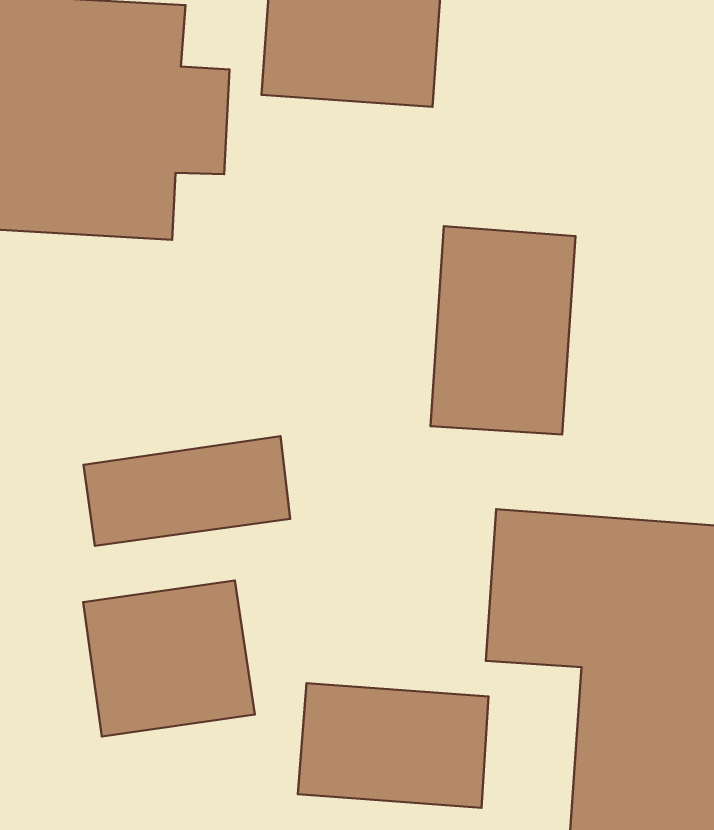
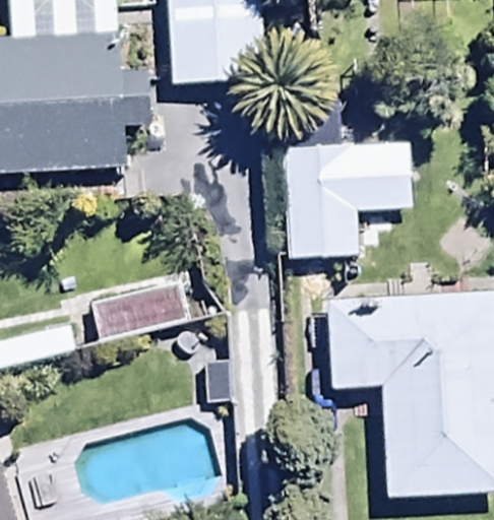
building: [83,581,255,736] -> none
building: [298,683,488,808] -> none

